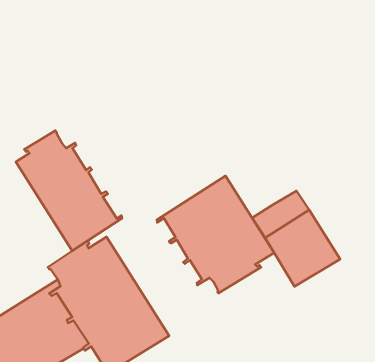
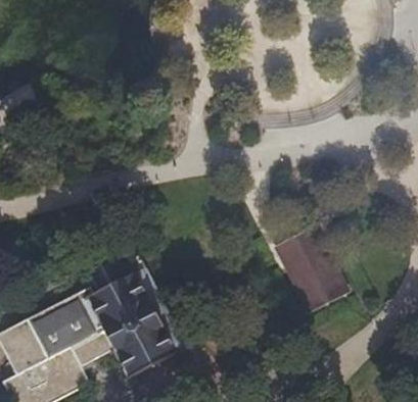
building: [16,131,122,251] -> none
building: [157,176,274,293] -> none

